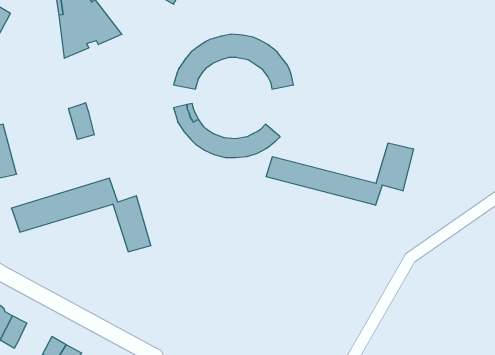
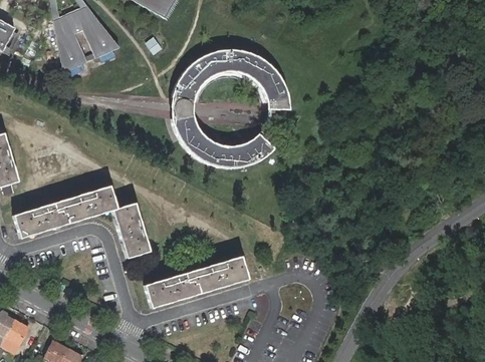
building: [69,103,94,139] -> none
building: [266,143,413,205] -> none
building: none -> [144,258,246,309]

